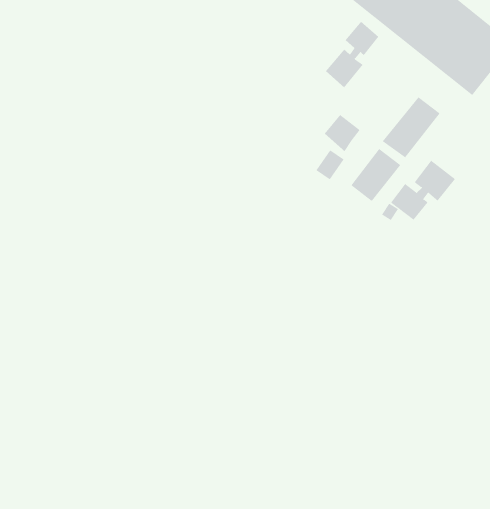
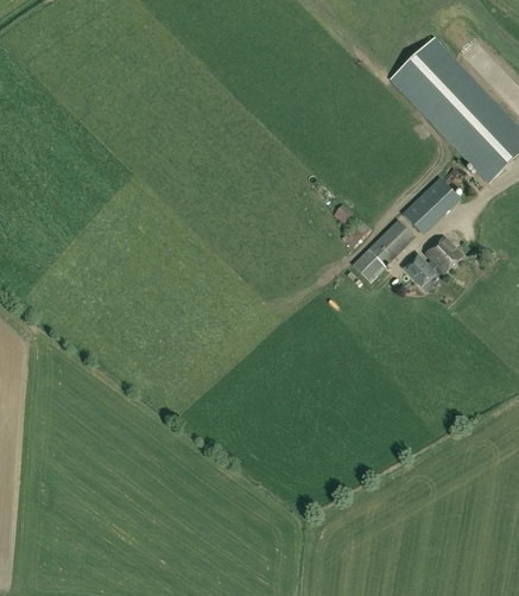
building: [325,21,379,88] -> none
building: [324,114,360,152] -> [353,248,386,283]

